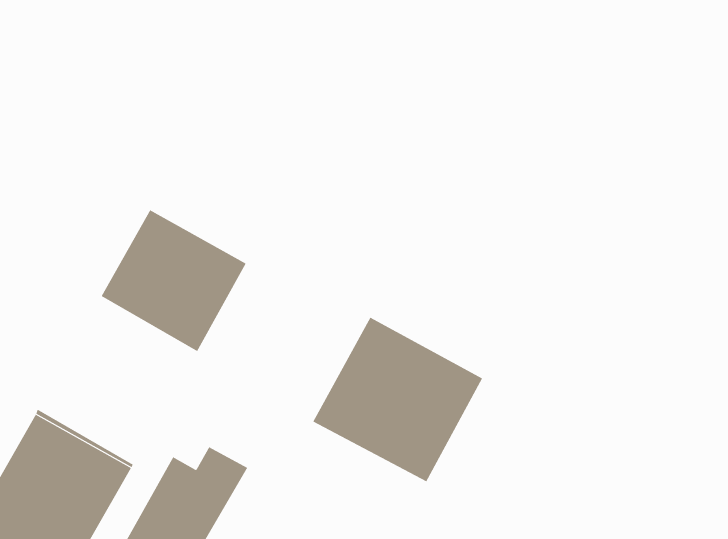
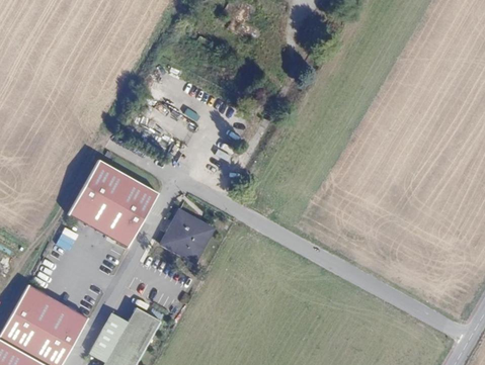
building: none -> [161,211,212,262]
building: [312,317,483,482] -> none

